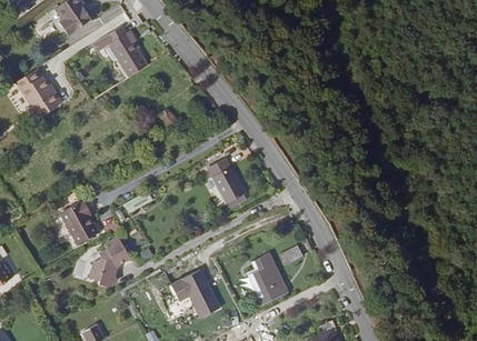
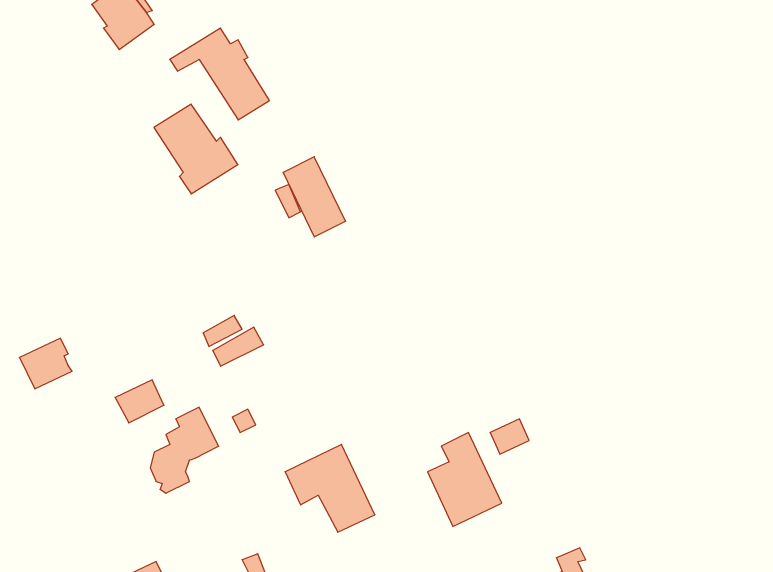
building: [17,69,64,120] -> [154,104,238,194]
building: [208,160,244,205] -> [283,157,346,237]
building: [59,204,89,233] -> [19,338,72,389]

